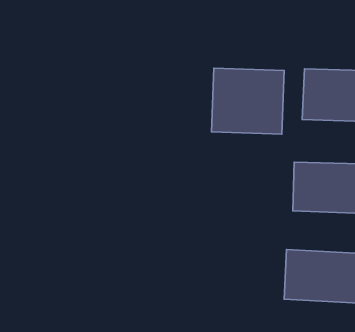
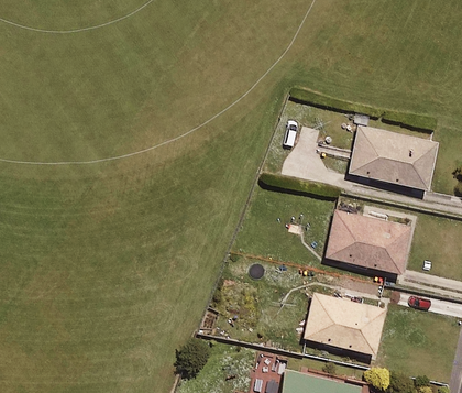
building: [212,68,284,134] -> none

